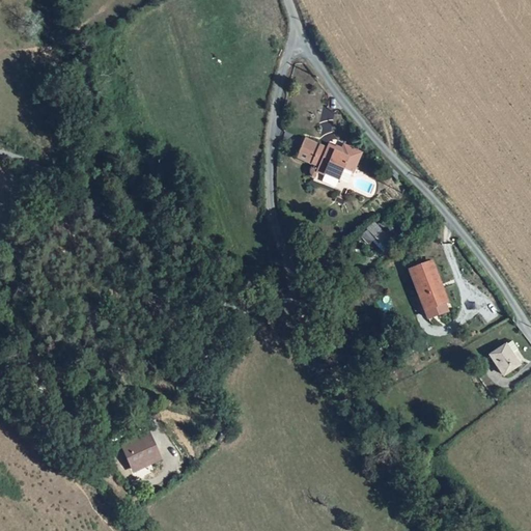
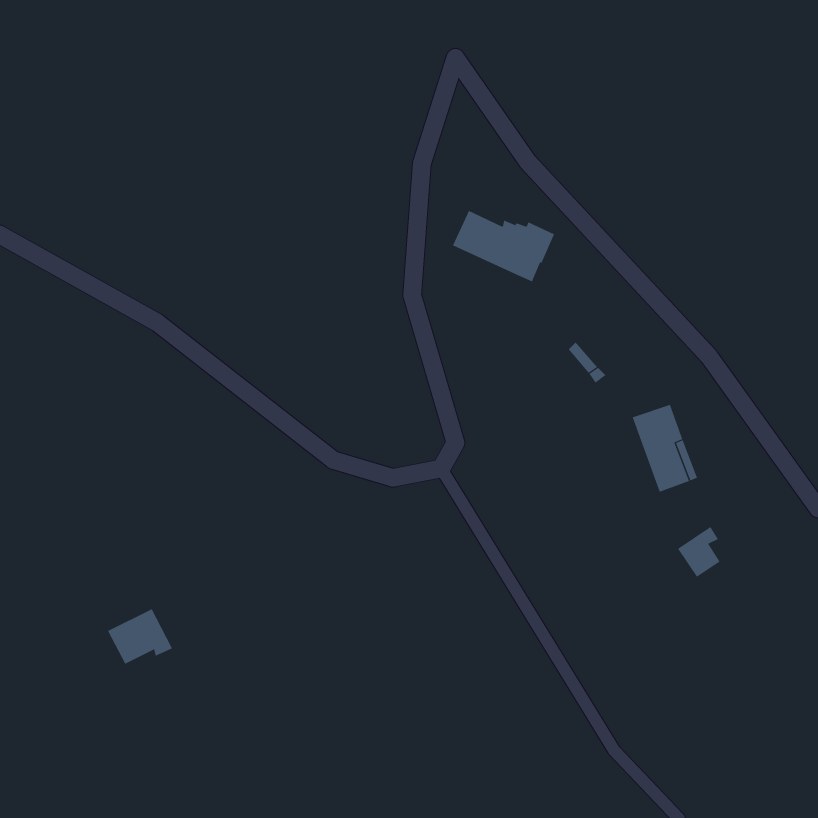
building: [490,339,518,372] -> [677,526,720,578]
building: [121,430,164,467] -> [107,608,173,664]

